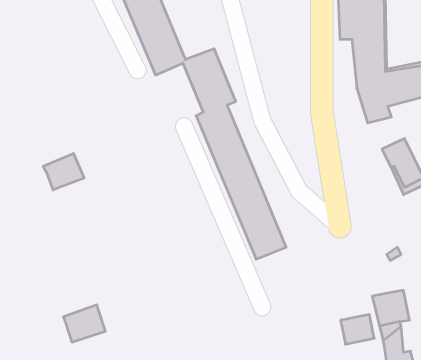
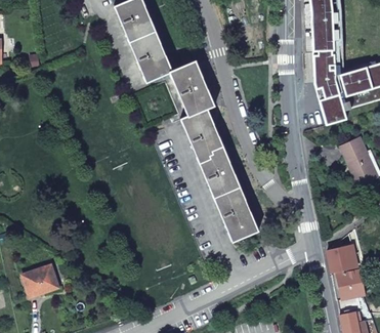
building: [43,153,84,190] -> none
building: [63,305,105,342] -> [22,264,57,296]
building: [341,314,374,344] -> [327,244,355,269]

